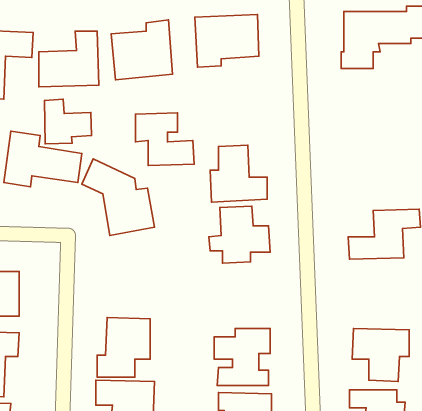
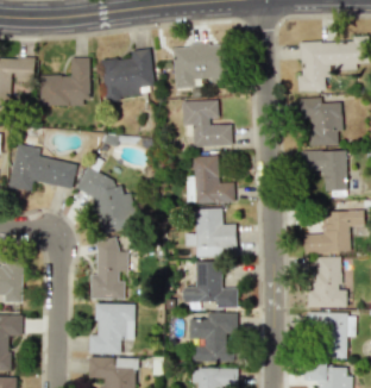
building: none -> [297,98,342,145]
building: [44,99,91,144] -> none
building: [136,113,194,166] -> [182,100,232,145]
building: none -> [300,150,347,190]
building: none -> [90,239,128,299]
building: none -> [308,256,346,307]
building: none -> [184,259,237,307]

